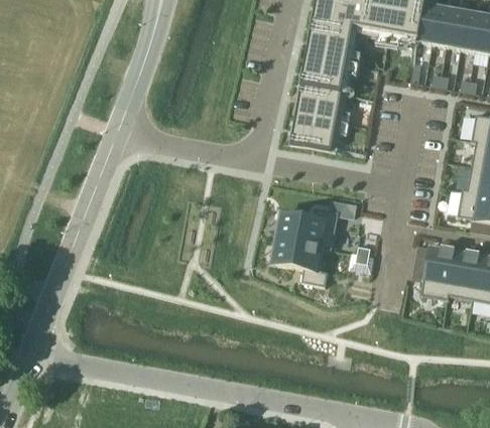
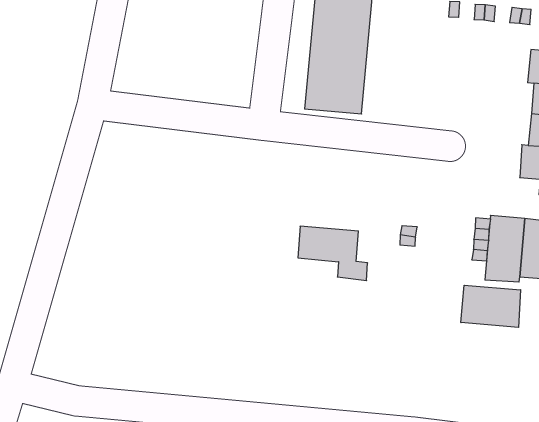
building: [278,204,341,245] -> none
building: none -> [461,285,521,327]

